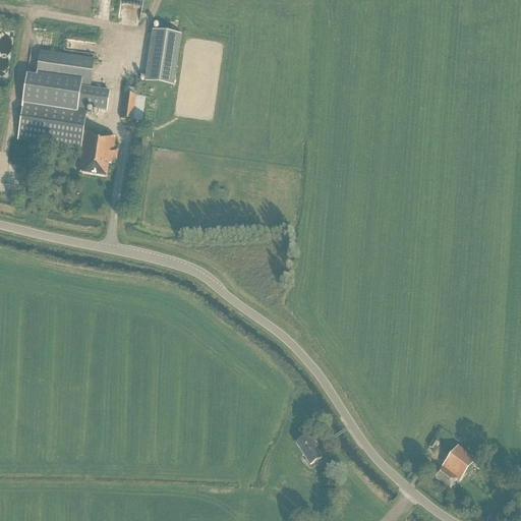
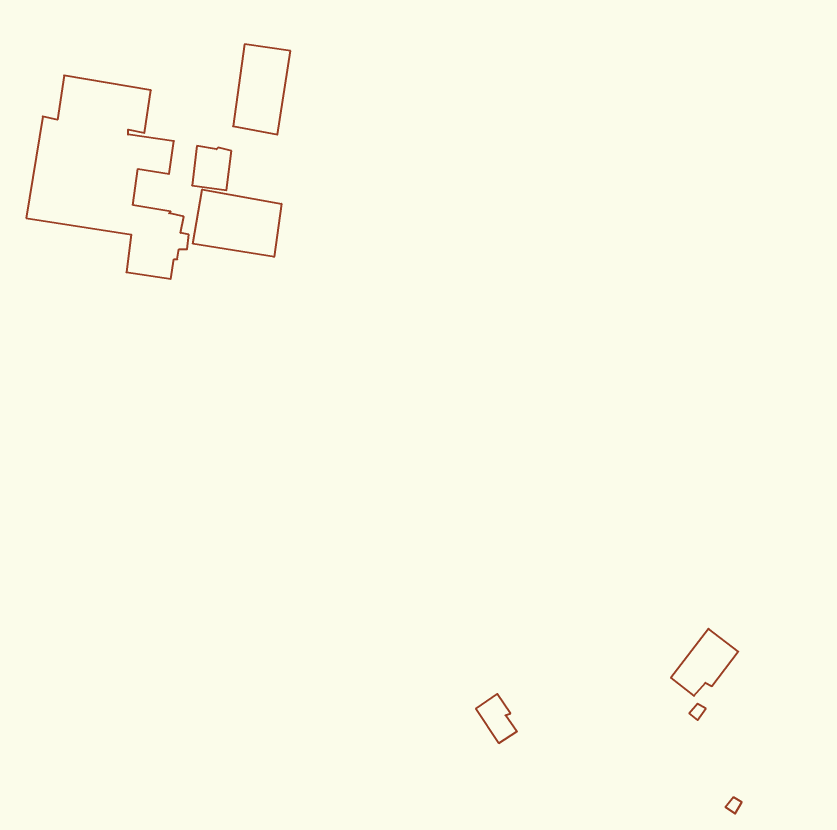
building: none -> [193,189,281,257]
building: [433,443,475,484] -> [671,629,738,696]

